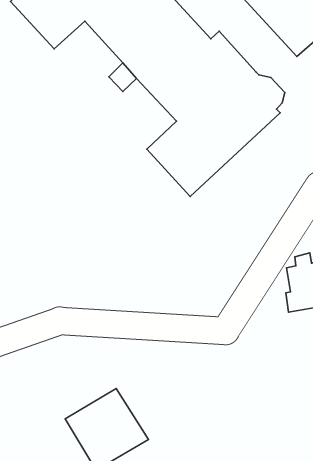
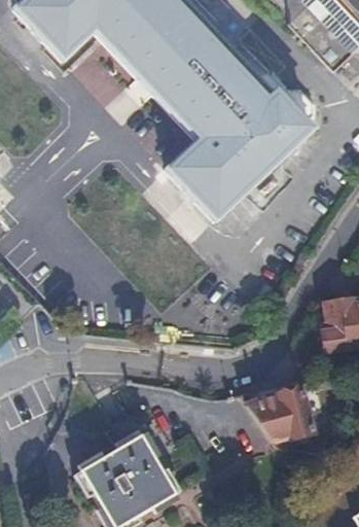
building: none -> [242,378,316,443]

